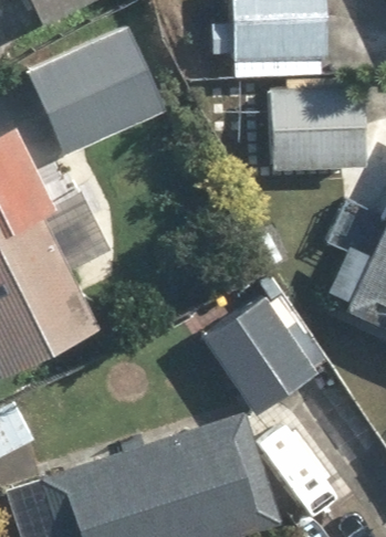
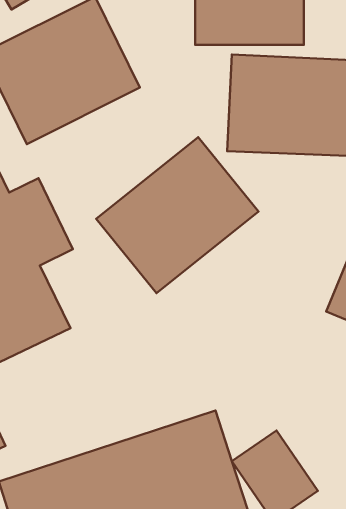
building: none -> [96,137,258,293]
building: [196,291,320,420] -> none

